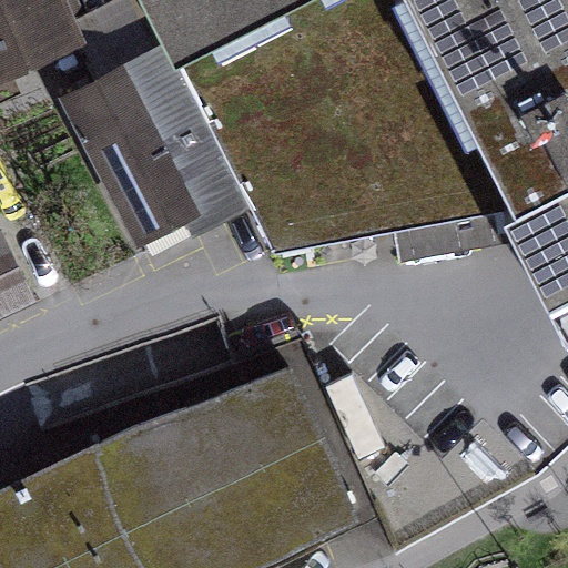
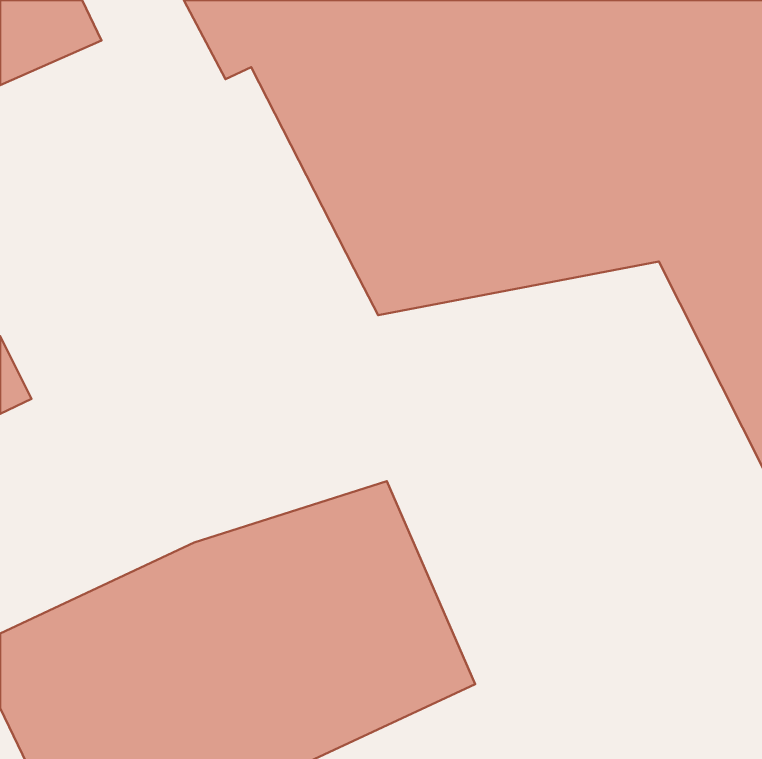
building: [72,53,264,261] -> none

